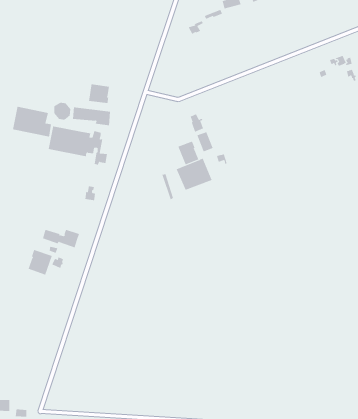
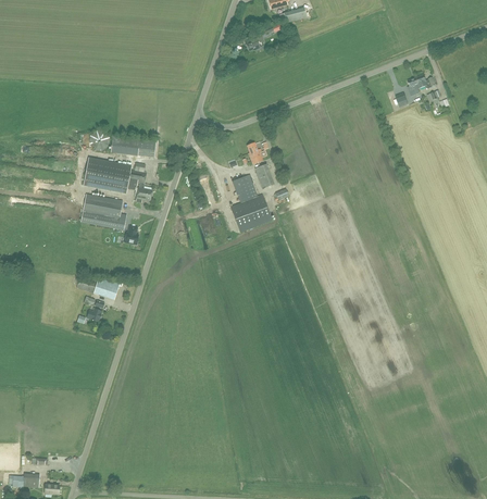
building: [88,84,110,104] -> none
building: [12,106,52,137] -> [80,194,126,229]
building: [28,249,53,275] -> none

